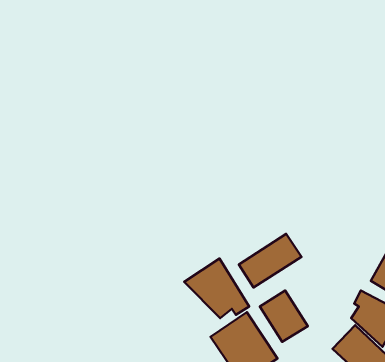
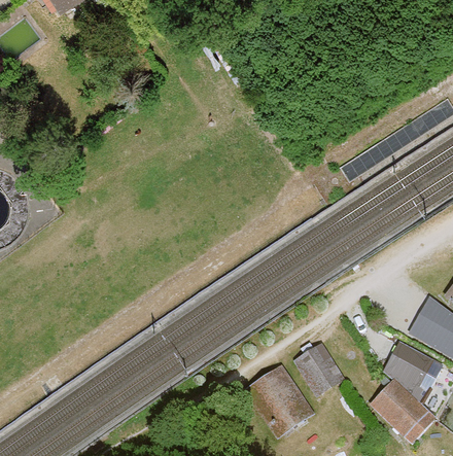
building: [239,234,301,287] -> none
building: [184,259,249,318] -> none

